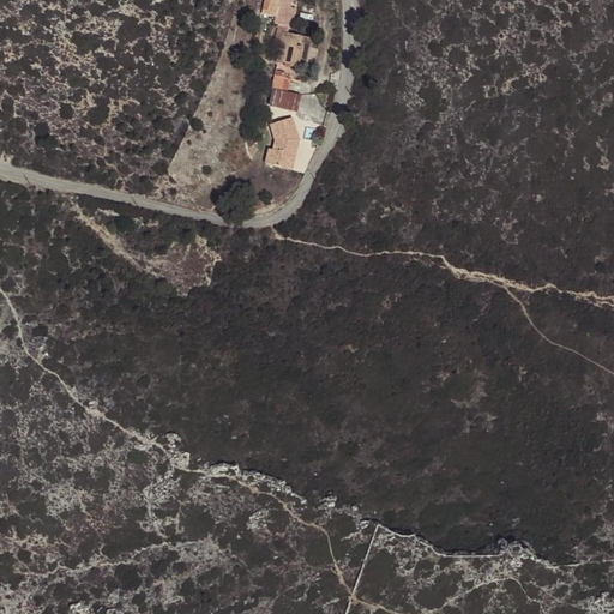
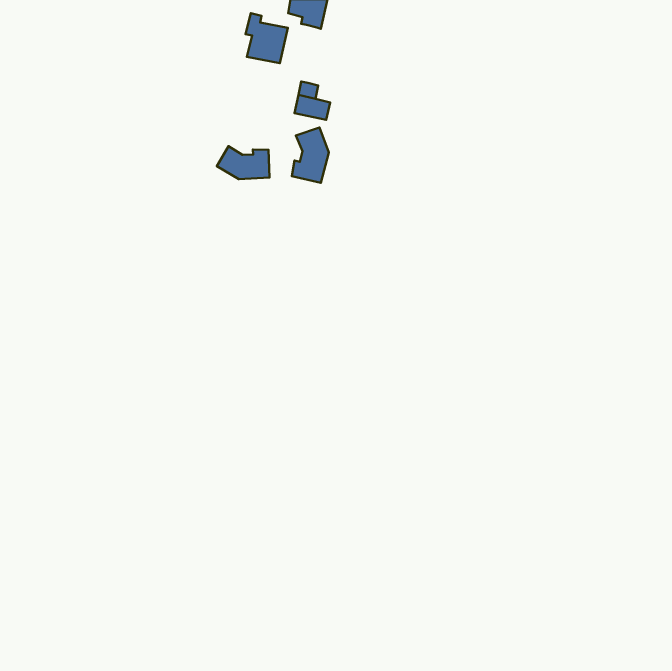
building: [275,23,313,68] -> [246,13,288,63]
building: none -> [217,146,269,179]

